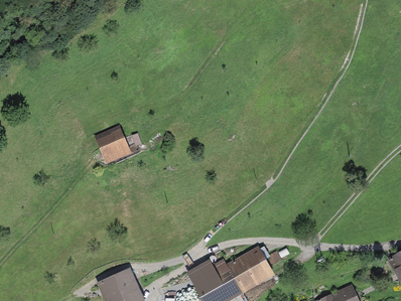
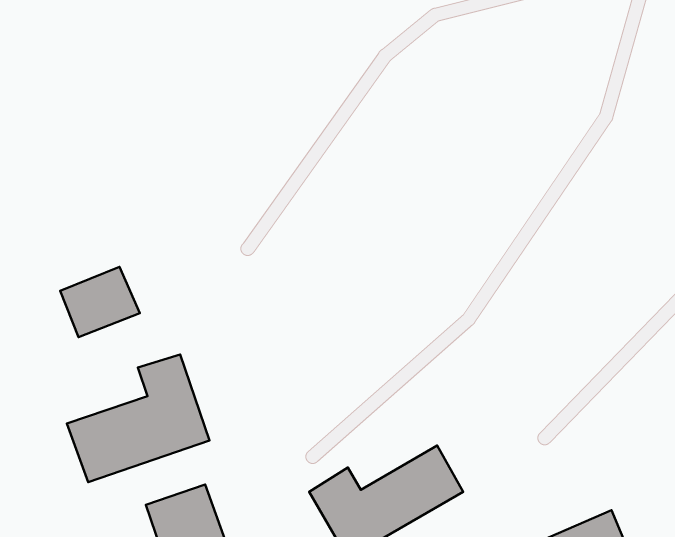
building: [93,126,136,164] -> [60,267,140,337]
building: none -> [67,355,210,482]

